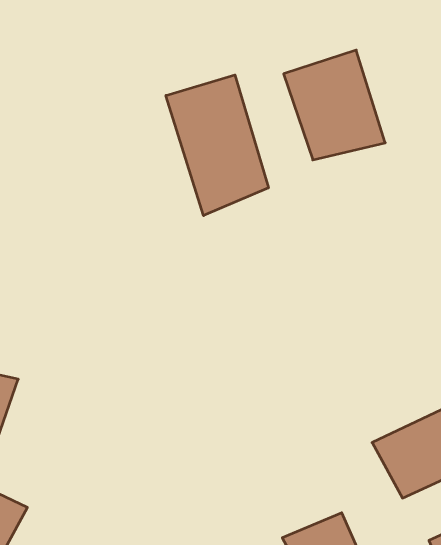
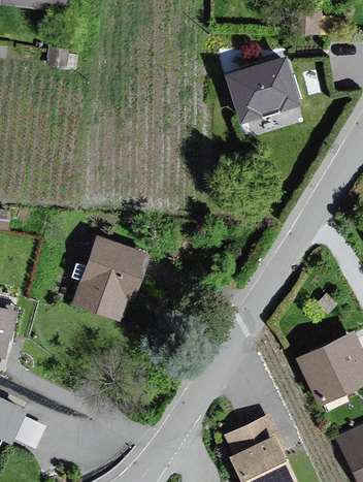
building: [166,75,268,216] -> none
building: none -> [75,238,150,325]

